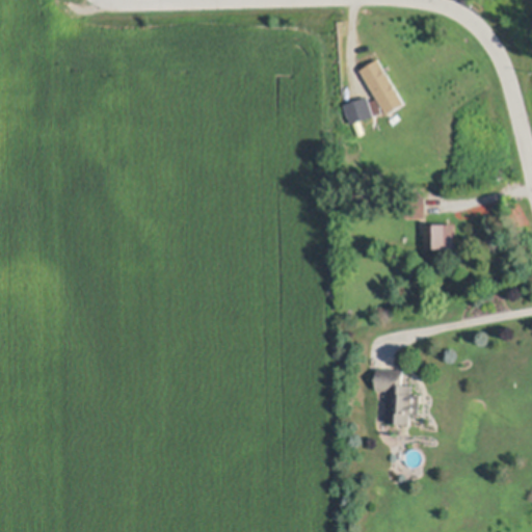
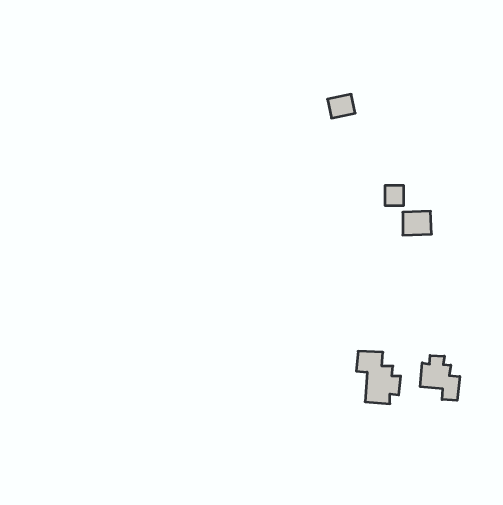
building: [358,59,404,115] -> none
building: none -> [420,355,460,400]

